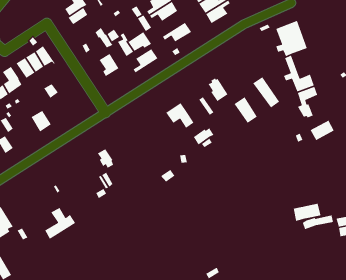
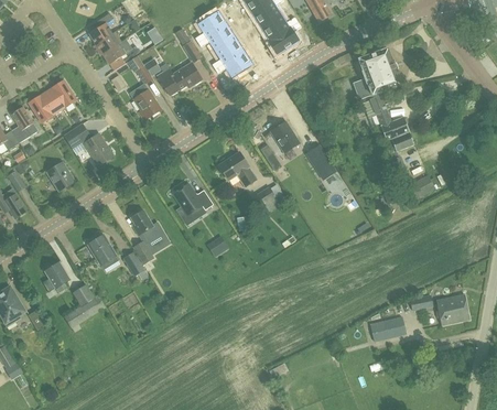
building: none -> [102,42,139,69]
building: [133,48,159,73] -> [210,36,244,68]
building: [252,76,280,108] -> none
building: none -> [84,133,112,165]
building: none -> [172,183,213,215]
building: none -> [88,235,118,268]
building: none -> [42,262,69,292]
building: [293,203,321,222] -> [370,316,407,341]

